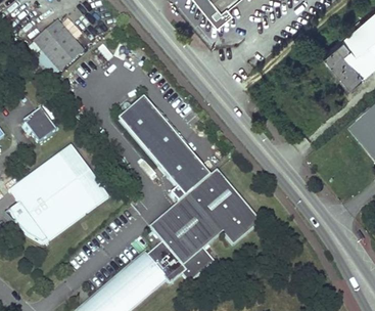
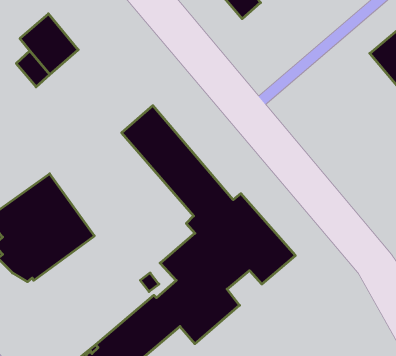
building: [22,108,59,142] -> none
building: [59,144,108,205] -> none

